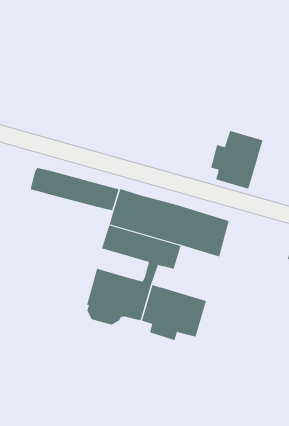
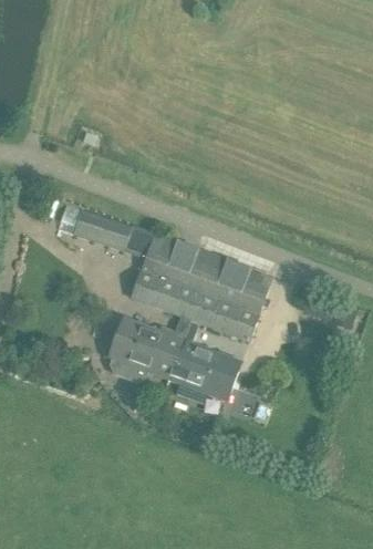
building: [210,130,263,190] -> none
building: none -> [207,300,258,341]

